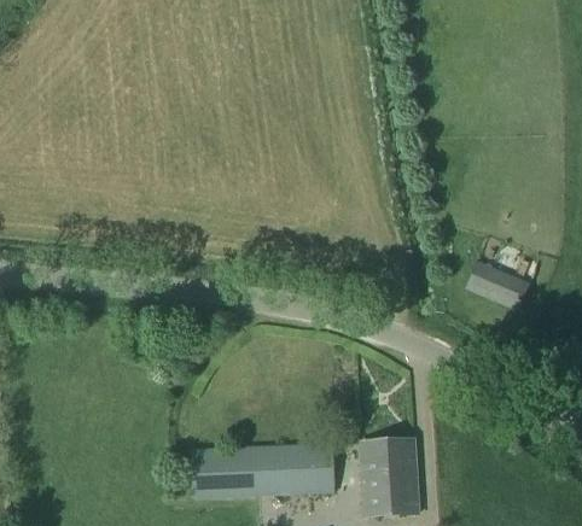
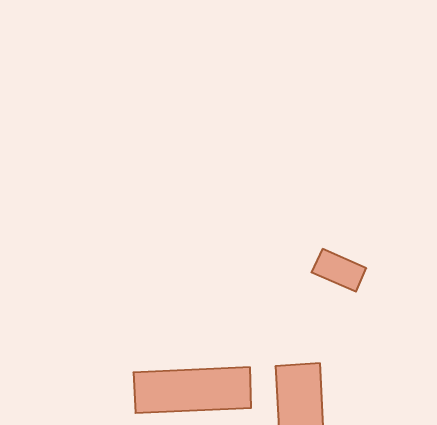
building: [464,259,529,310] -> [311,249,366,292]

